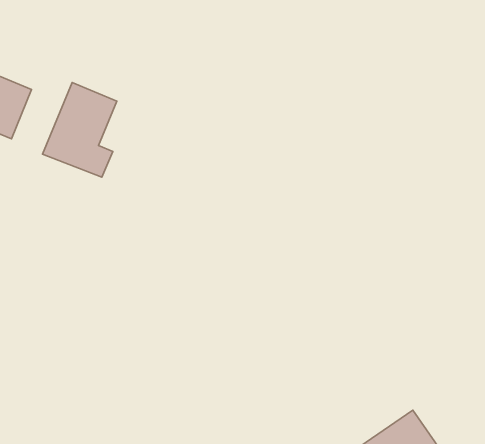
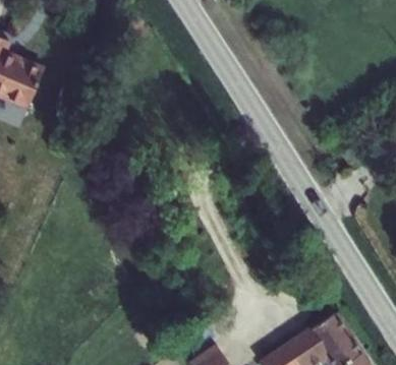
building: [43,83,117,177] -> none

